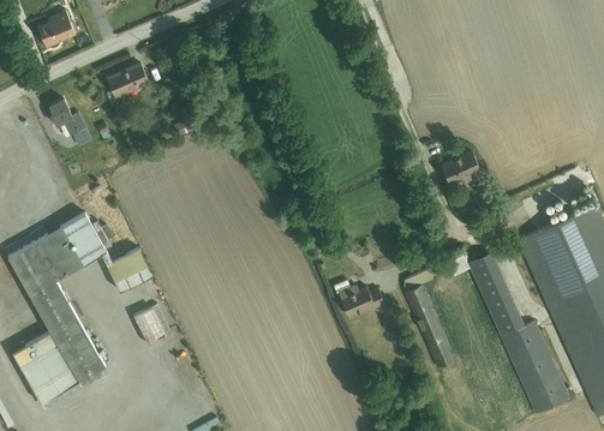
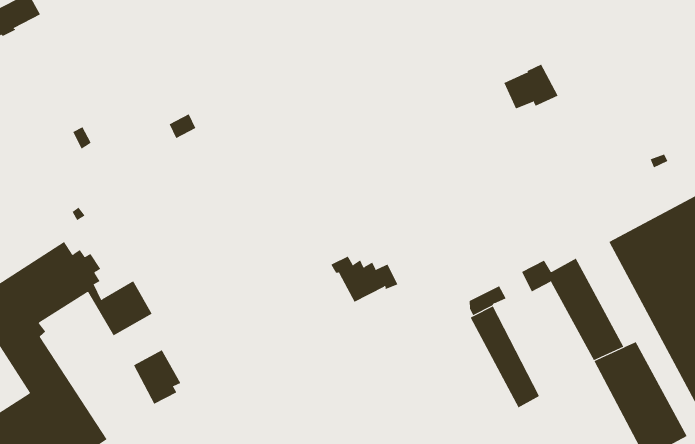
building: [107,65,150,100] -> none
building: [50,100,86,138] -> none
building: [441,151,484,186] -> [503,64,559,109]
building: [333,281,385,318] -> [330,256,398,302]

